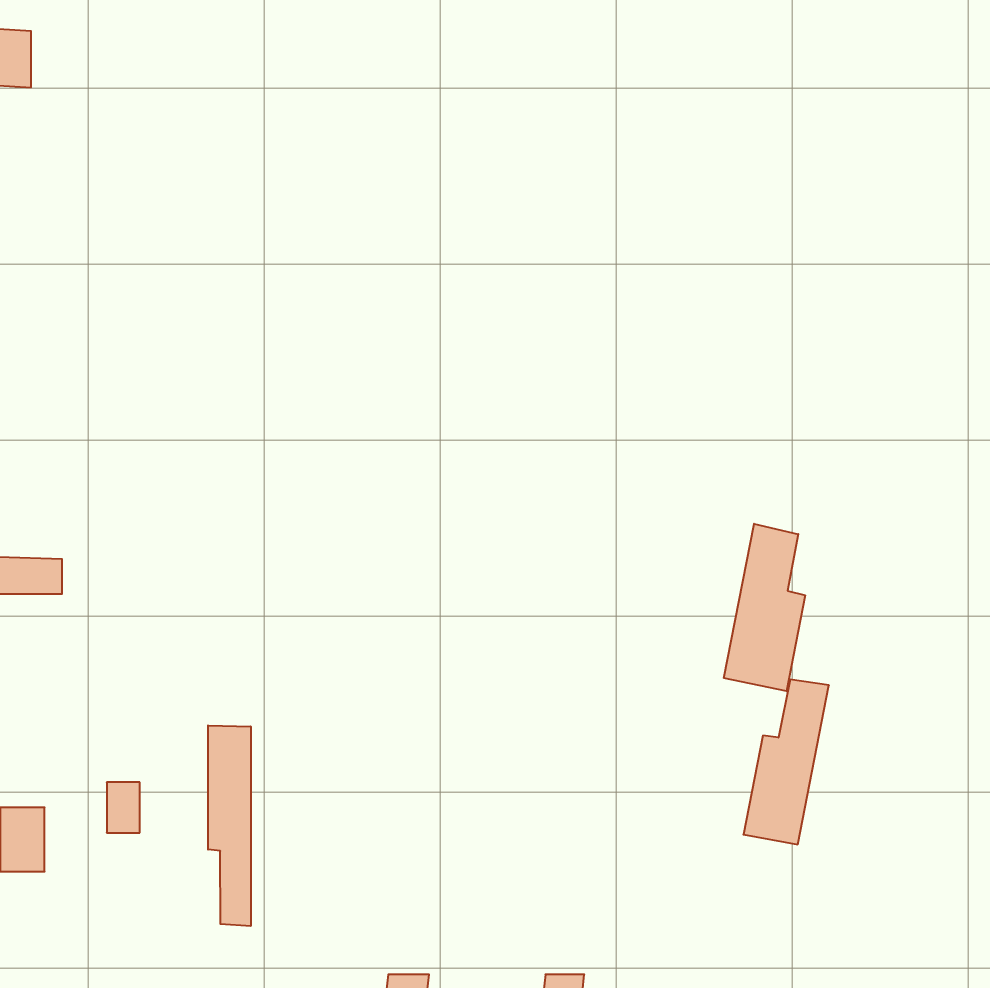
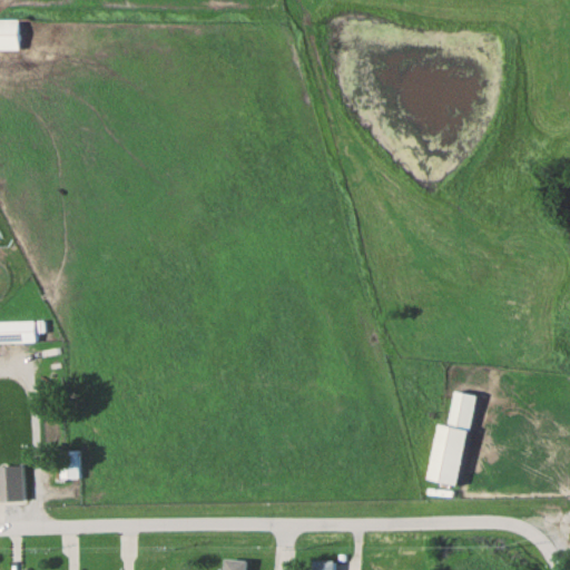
building: [724,524,805,691] -> none
building: [208,725,251,926] -> none

